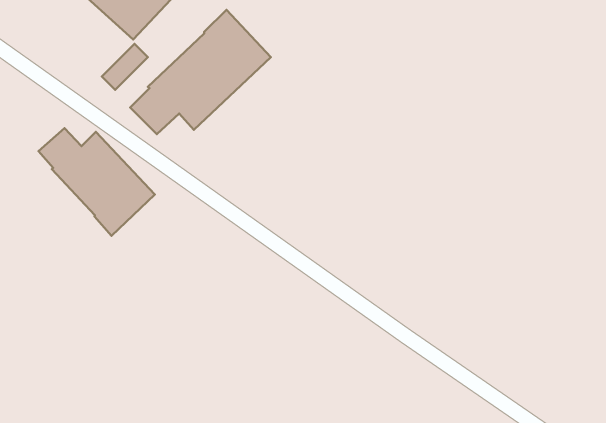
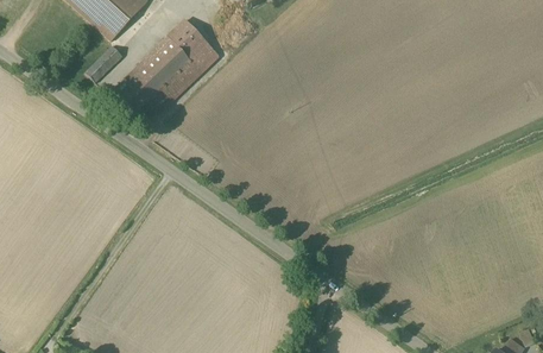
building: [38,128,155,236] -> none

